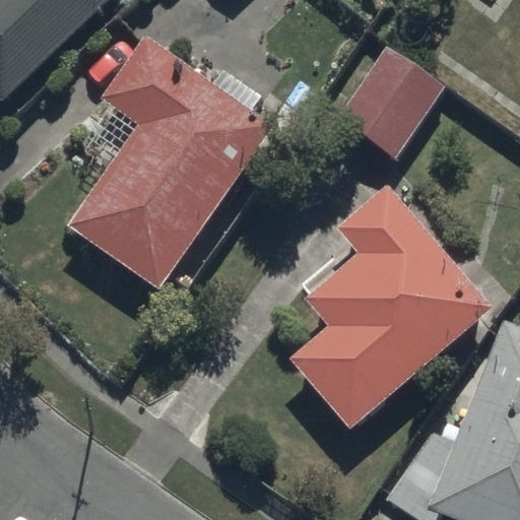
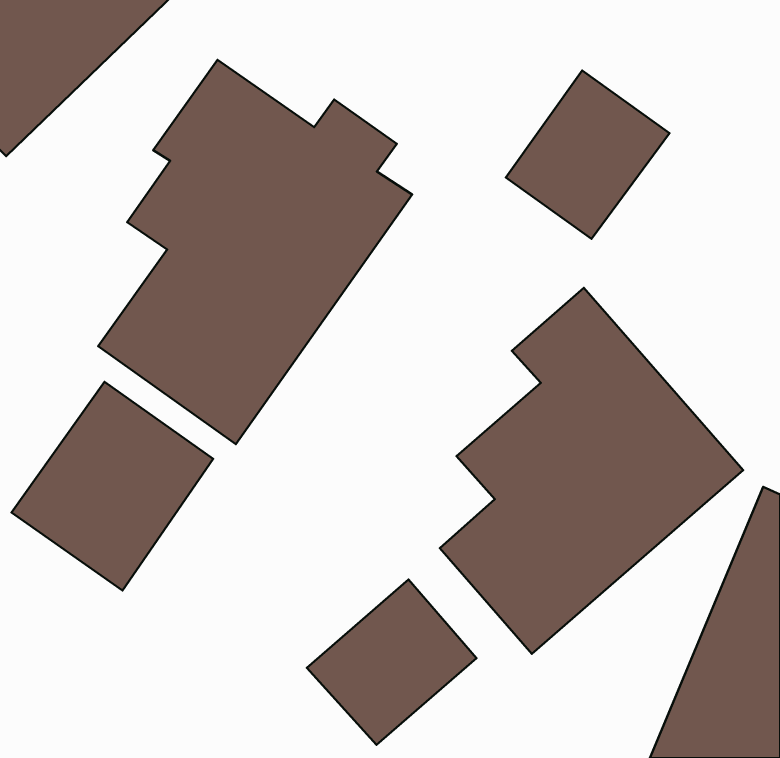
building: none -> [12,382,213,591]
building: none -> [307,579,477,745]

